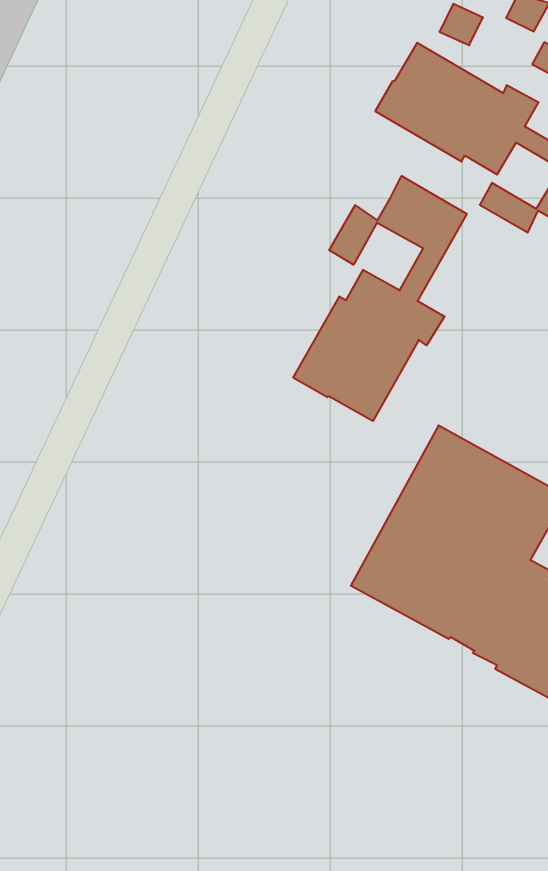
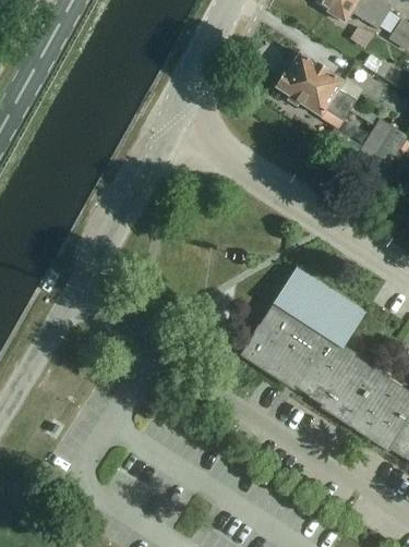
building: [293,176,467,421] -> none

